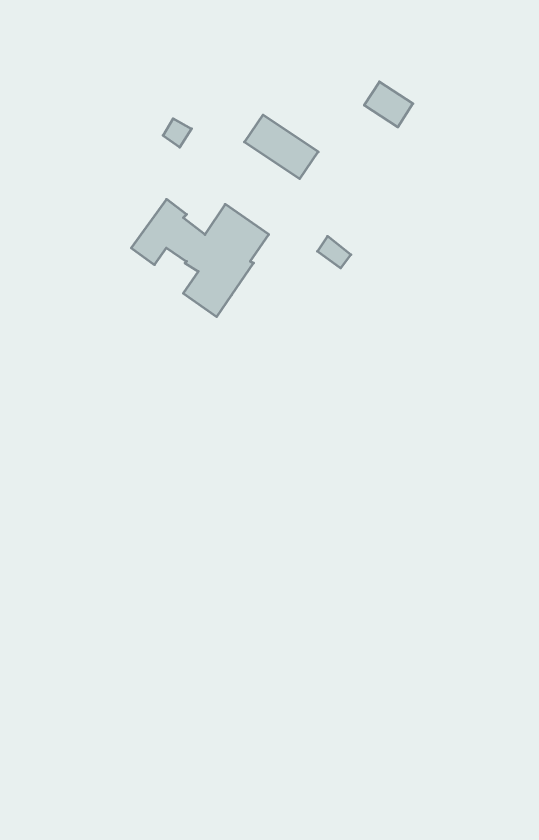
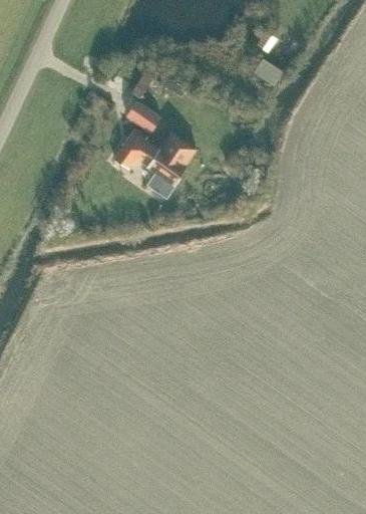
building: [244,115,318,179] -> [117,96,161,135]

